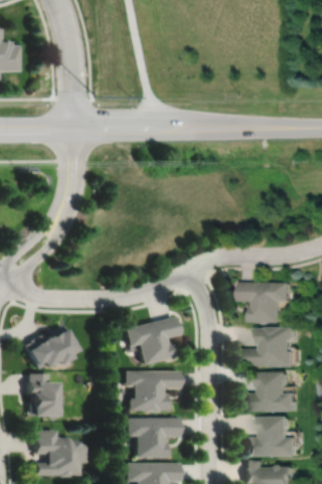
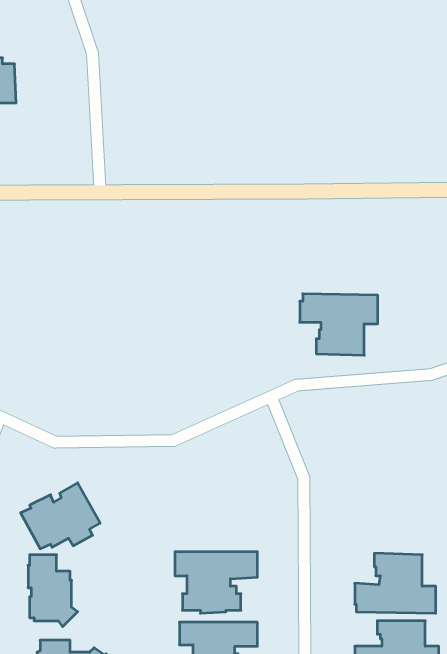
building: [238,283,291,324] -> [300,294,378,355]
building: [124,317,178,365] -> none
building: [244,328,297,369] -> none

